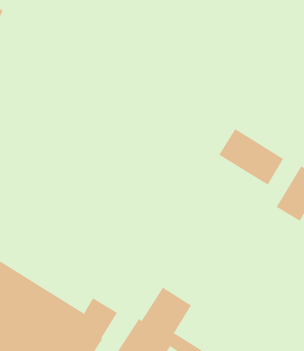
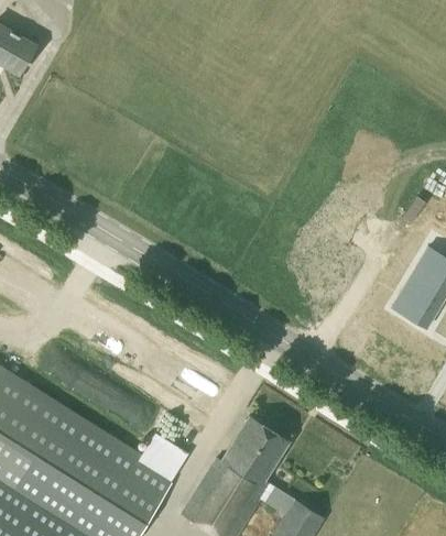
building: [218,128,284,185] -> none

